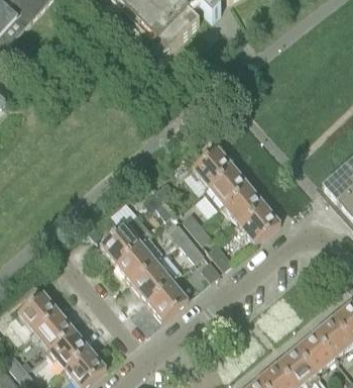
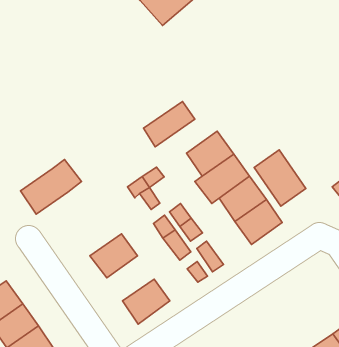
building: none -> [144,101,195,147]
building: none -> [254,150,306,206]
building: [100,214,152,264] -> [21,159,81,214]
building: [131,261,172,301] -> none

